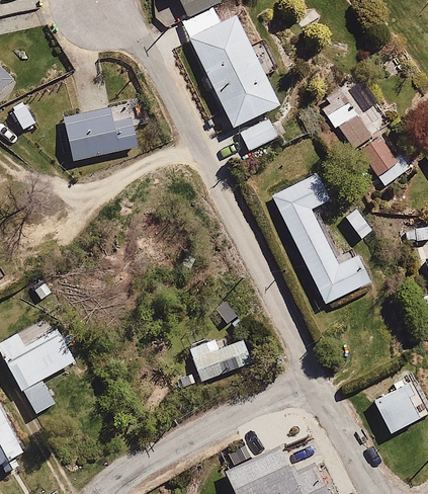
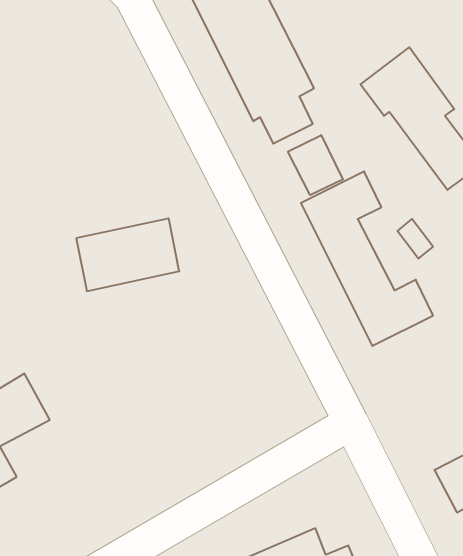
building: [62,107,141,163] -> [76,218,179,291]
building: none -> [288,135,343,195]
building: [186,332,240,380] -> none

